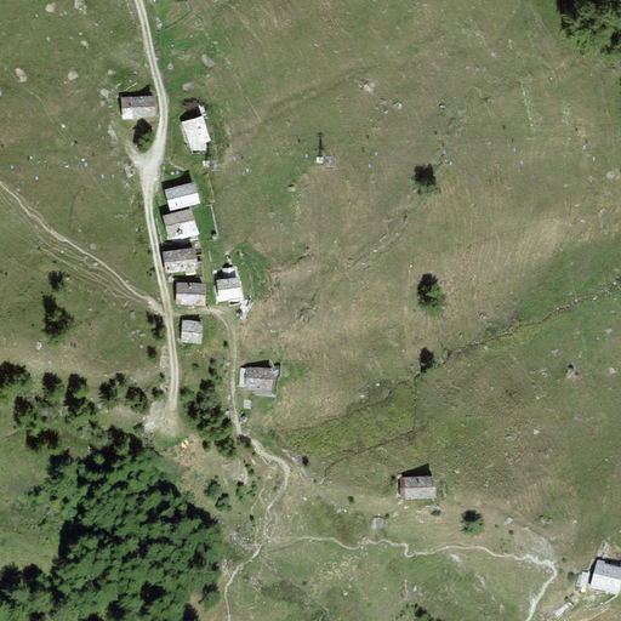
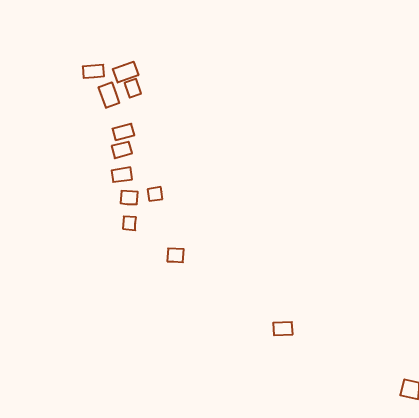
building: none -> [113,62,138,83]
building: none -> [99,82,119,108]

